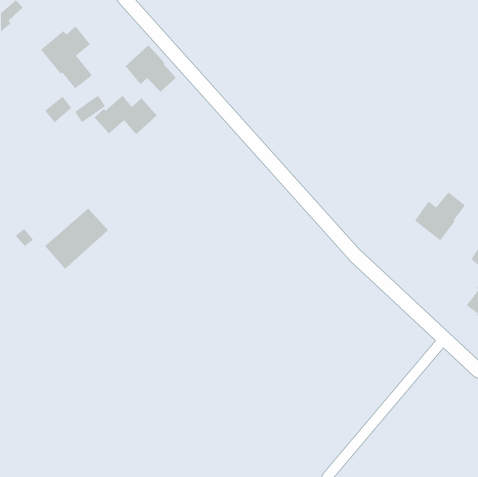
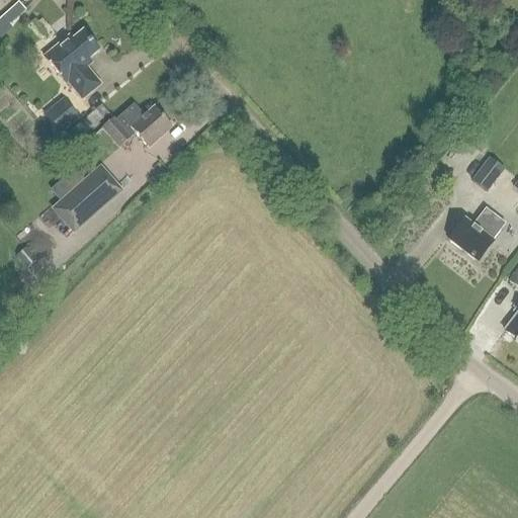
building: [125,44,177,93] -> none
building: none -> [471,157,503,190]
building: [44,208,109,270] -> [52,165,121,232]

